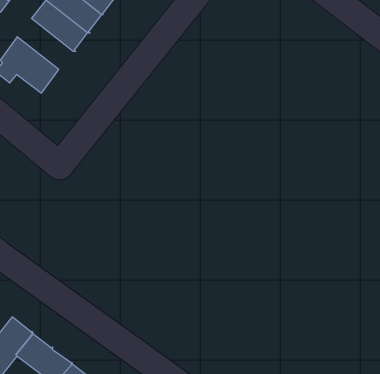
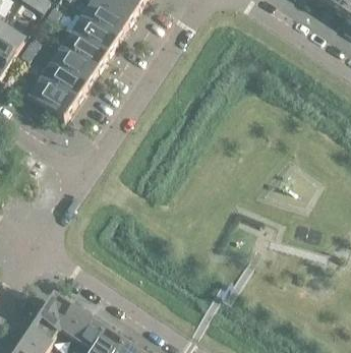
building: none -> [40,61,84,100]

